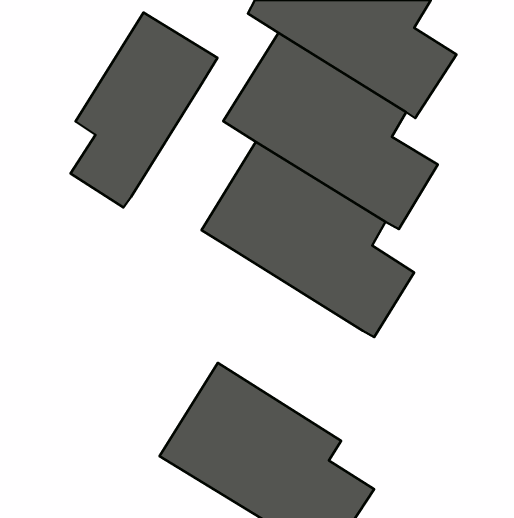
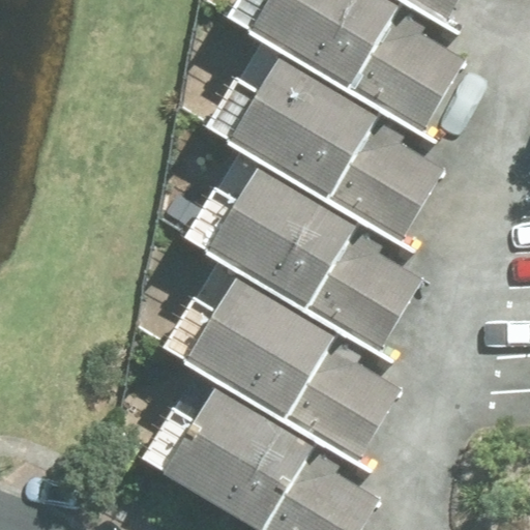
building: [71,12,218,208] -> none
building: none -> [182,261,398,458]

